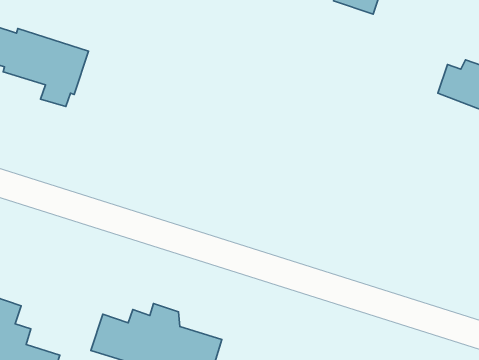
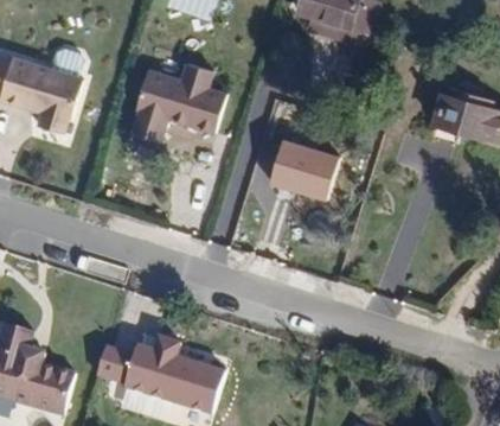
building: none -> [129,61,225,141]
building: none -> [268,135,340,198]

